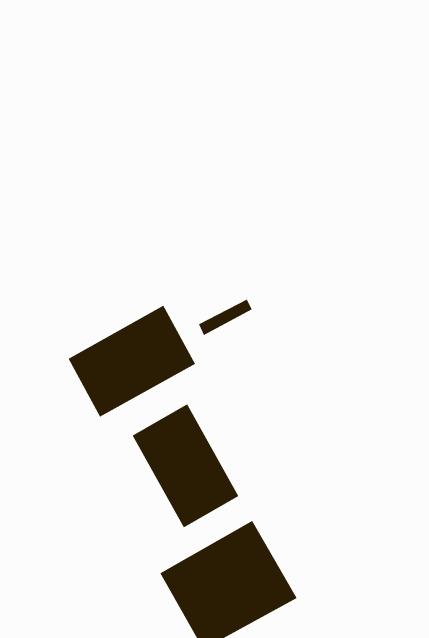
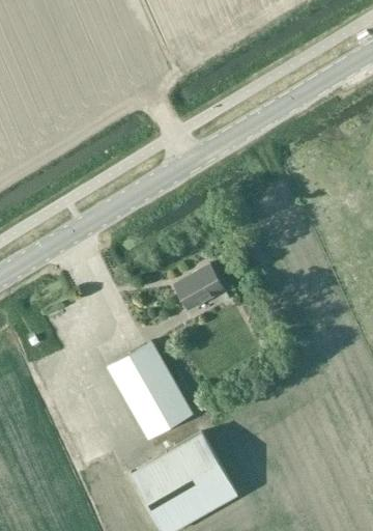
building: [68,305,196,418] -> none
building: none -> [174,267,224,312]

